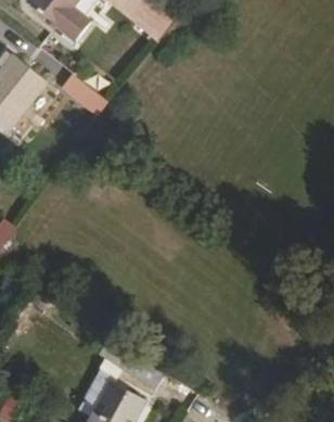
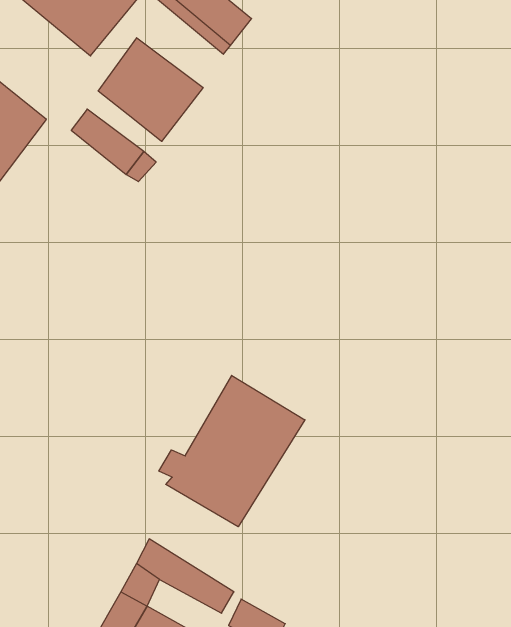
building: none -> [98,38,203,141]
building: none -> [159,375,305,527]

